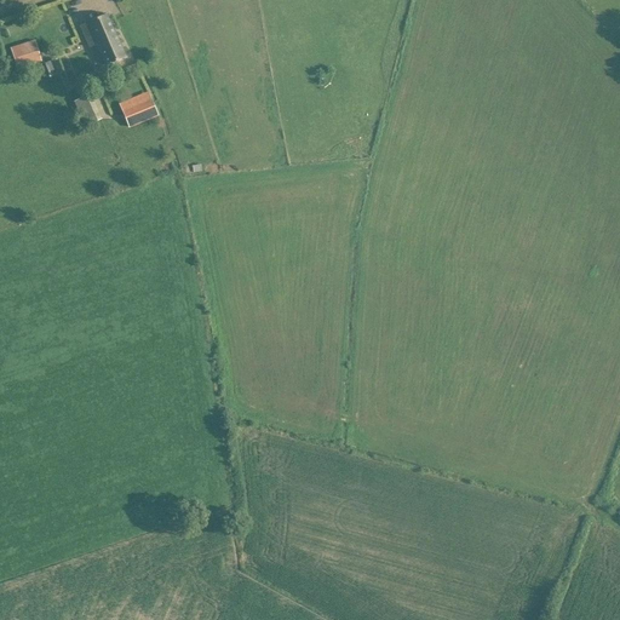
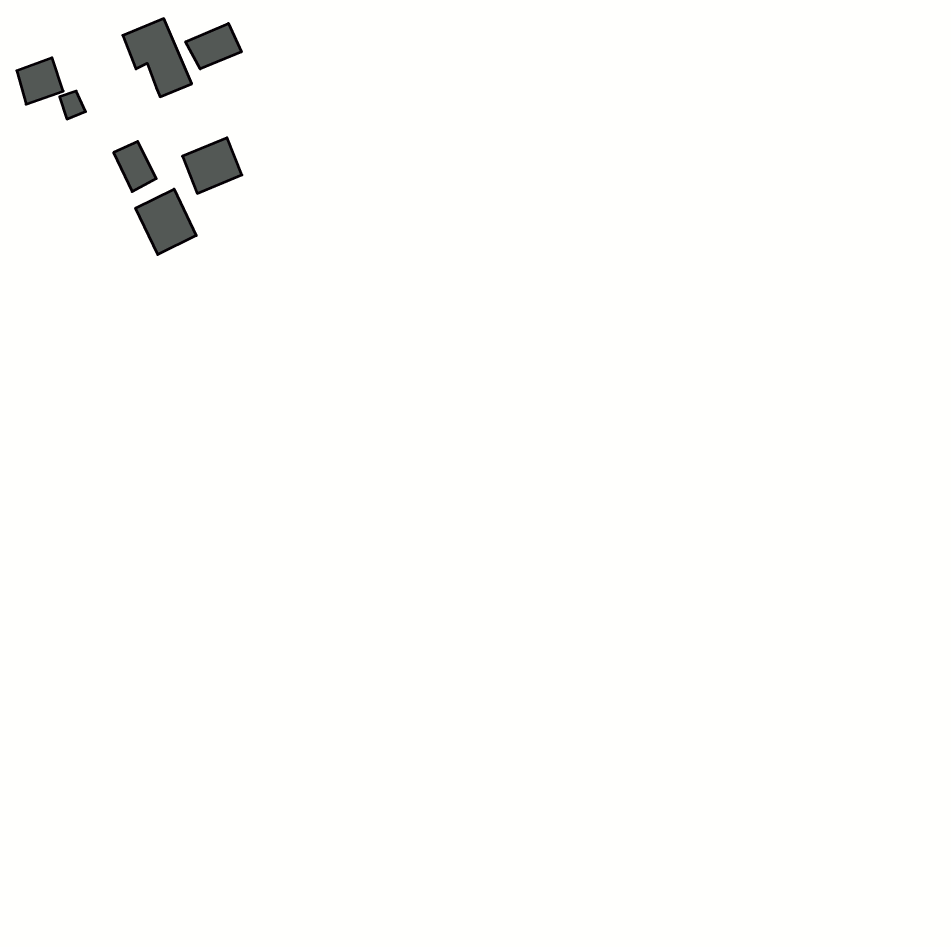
building: none -> [186,23,241,69]
building: none -> [136,189,196,255]

